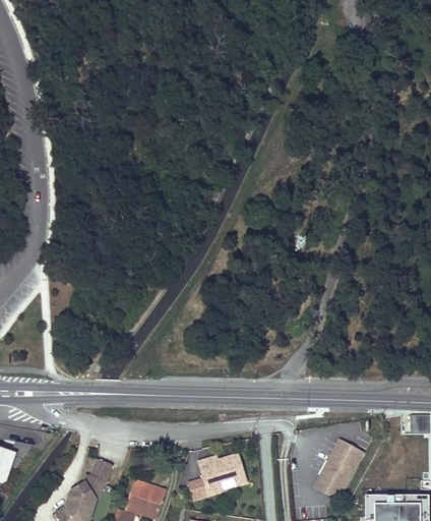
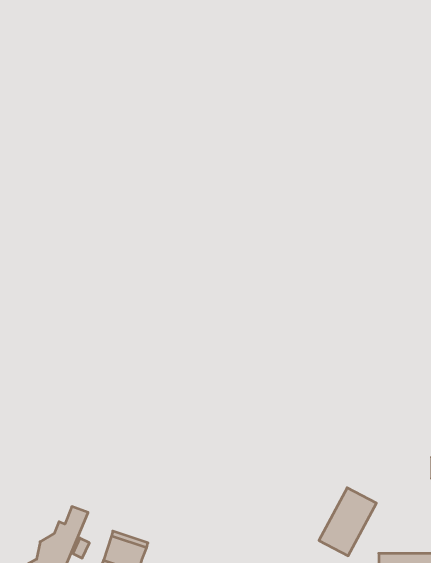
building: [197,454,246,494] -> none

